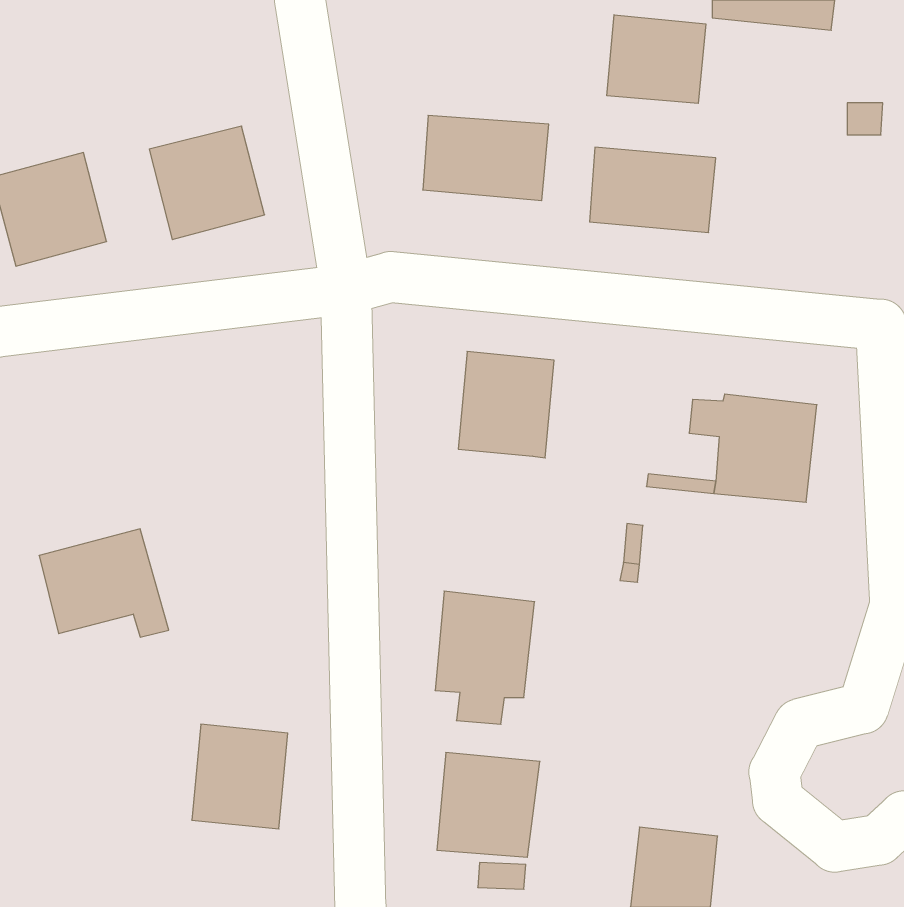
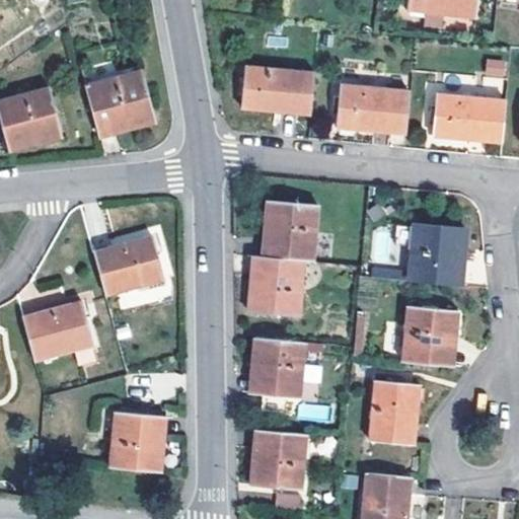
building: [607,15,706,103] -> none
building: none -> [433,93,504,142]
building: none -> [93,235,162,296]
building: none -> [246,255,304,317]
building: none -> [400,306,458,367]
building: none -> [368,381,418,445]

